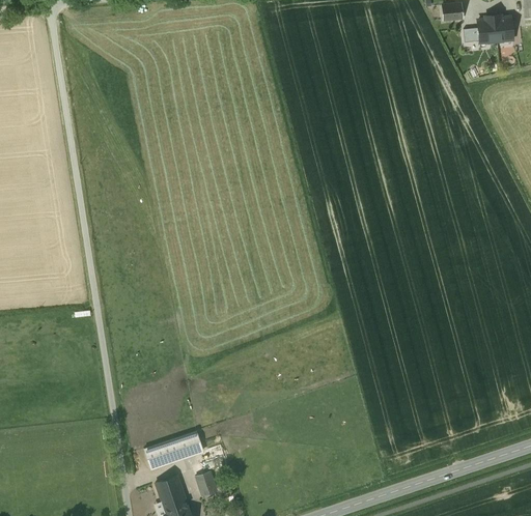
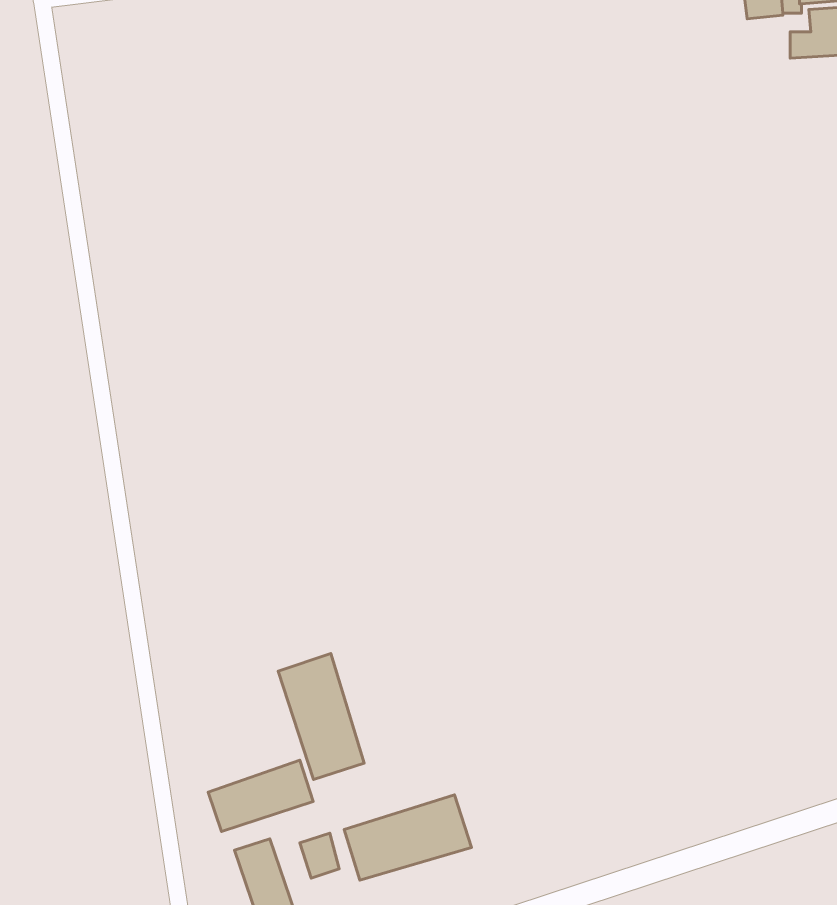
building: none -> [278,654,364,779]
building: none -> [344,795,471,880]

